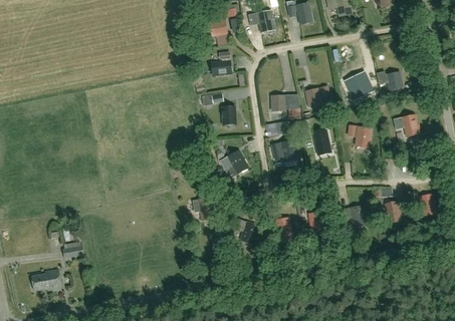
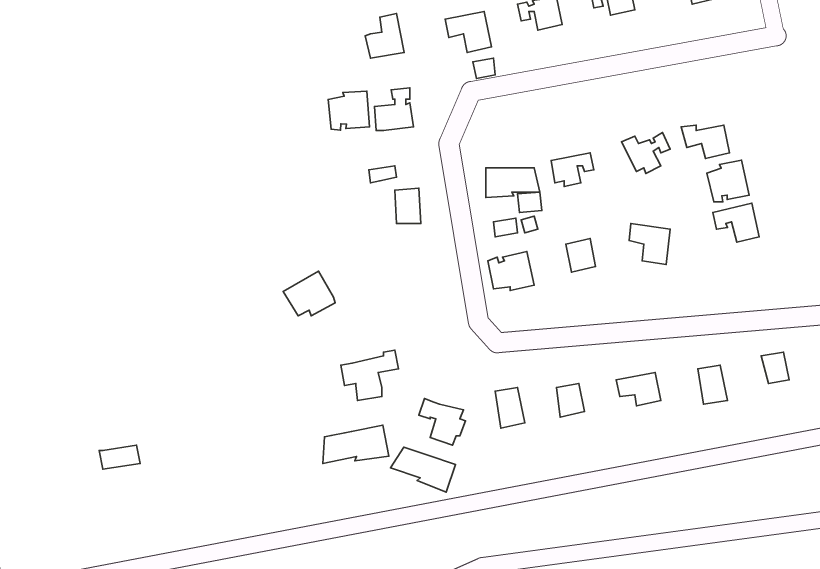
building: none -> [328,91,369,130]
building: none -> [707,160,749,202]
building: [219,150,247,175] -> [283,271,335,316]
building: none -> [323,425,389,463]
building: none -> [390,447,456,492]
building: [31,269,61,291] -> none

